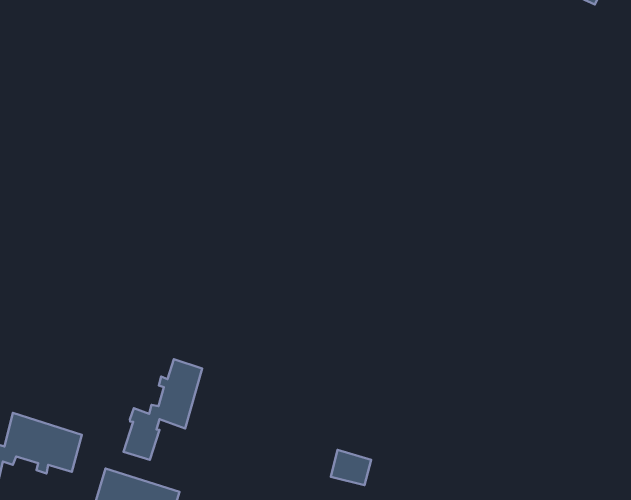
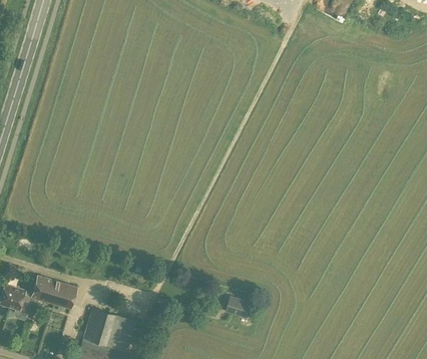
building: [124,359,202,460] -> none

